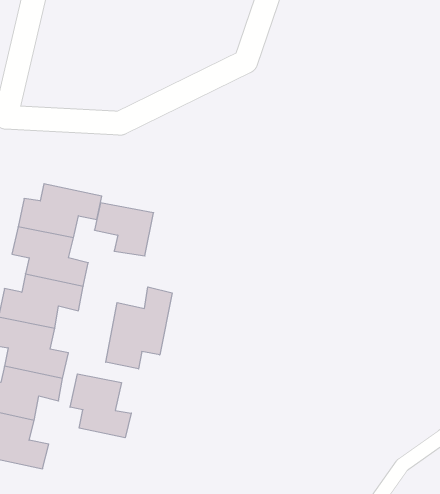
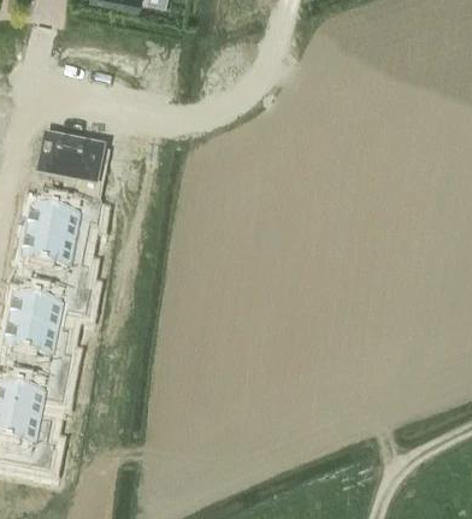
building: [94,203,154,256] -> [43,145,101,196]
building: [106,287,172,369] -> none
building: [70,374,131,438] -> none

